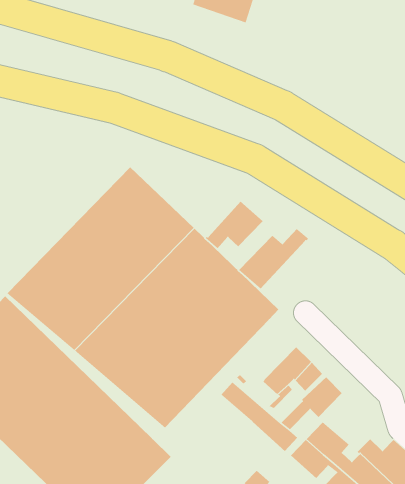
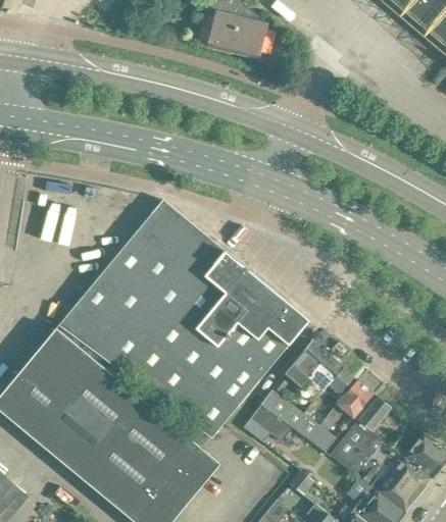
building: [205,201,263,249] -> none
building: [238,228,309,289] -> none
building: none -> [284,341,328,386]
building: none -> [243,404,292,442]
building: none -> [357,397,392,432]

